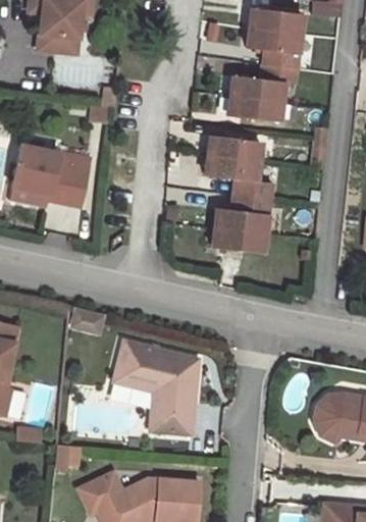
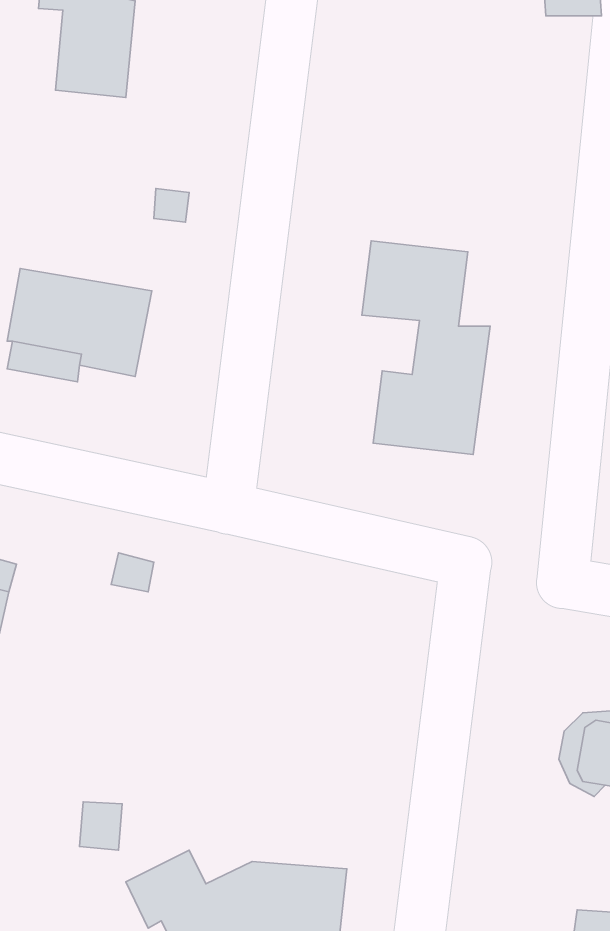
building: [230,7,304,122] -> none
building: [114,341,199,433] -> none

